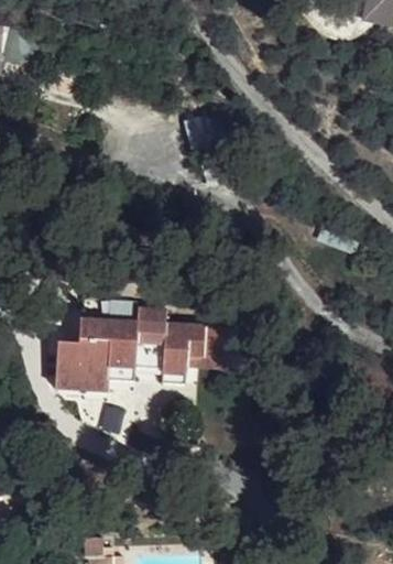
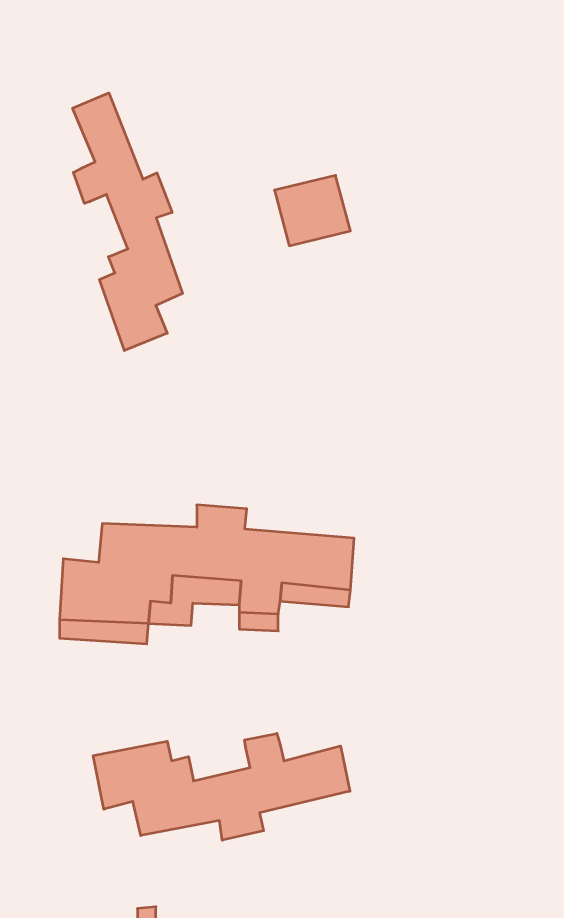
building: none -> [73,93,183,351]
building: none -> [93,733,350,840]

